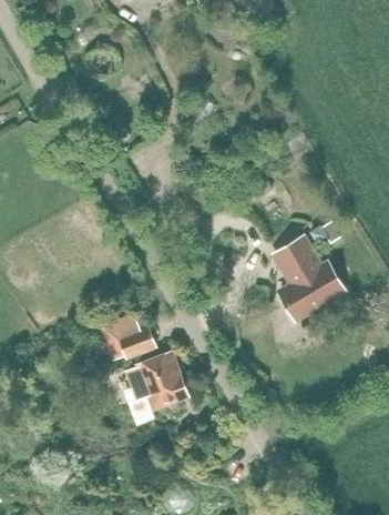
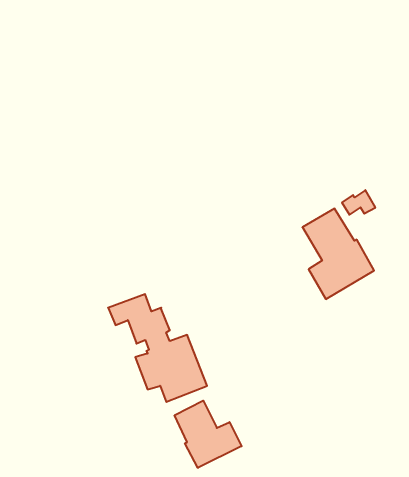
building: none -> [175,401,242,468]

